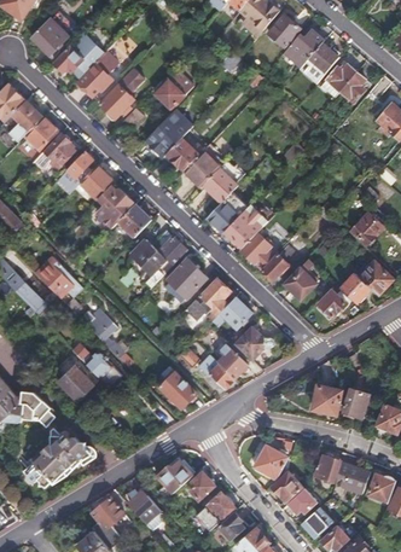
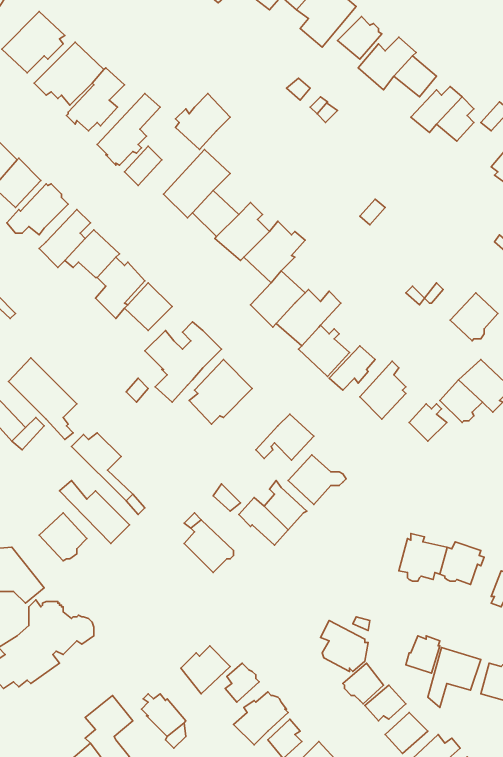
building: [184,278,229,321] -> none

